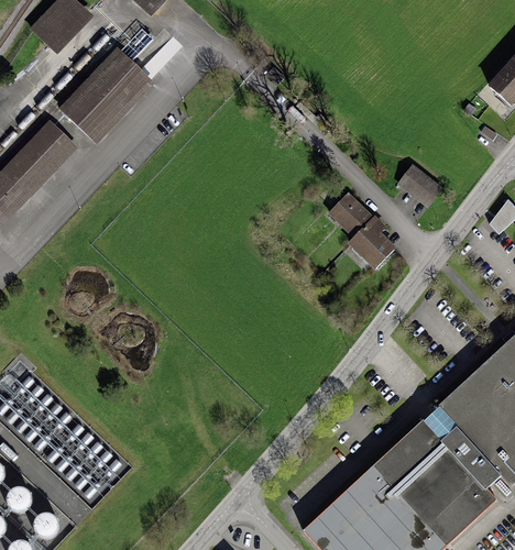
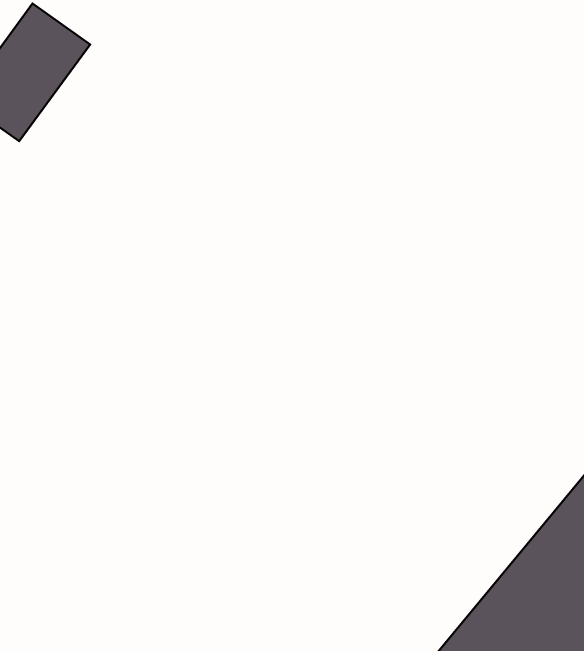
building: [402,163,447,208] -> none
building: [330,189,399,266] -> none

